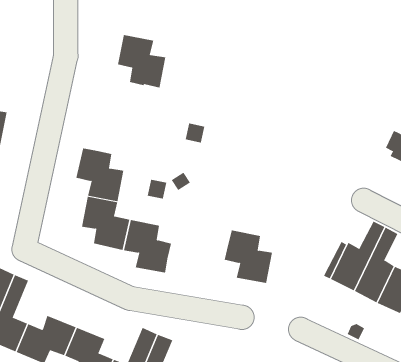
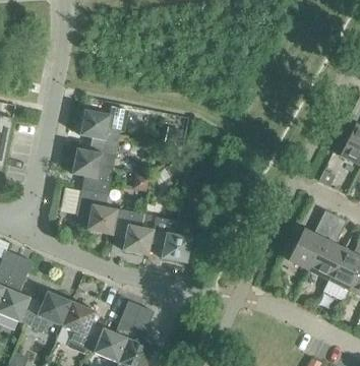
building: [117,35,166,88] -> [79,110,121,156]
building: [224,230,273,284] -> [151,218,192,263]

